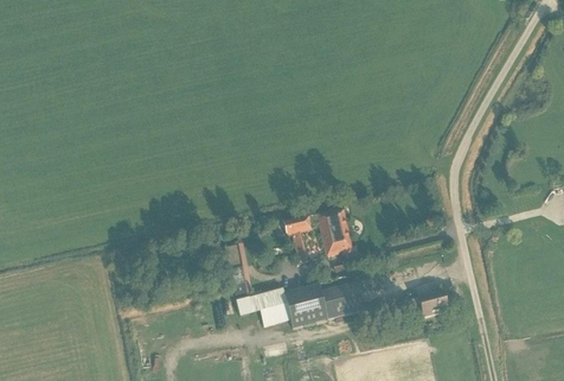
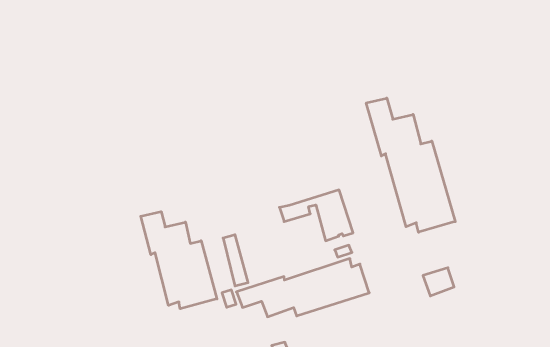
building: none -> [366,98,455,232]
building: none -> [141,212,217,309]

